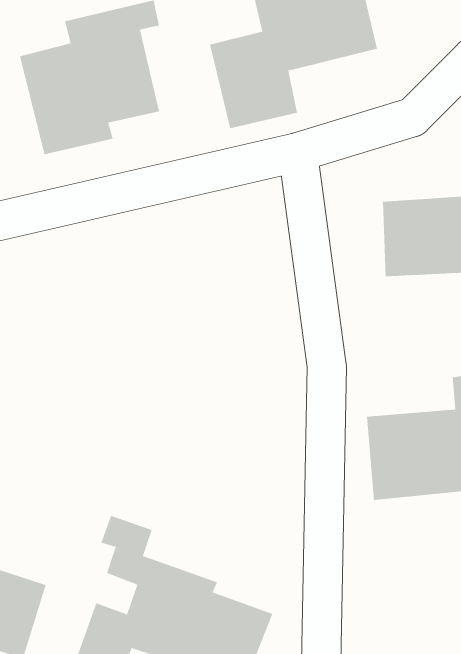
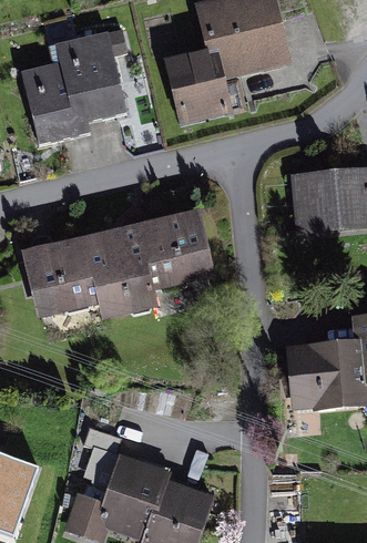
building: none -> [22,214,218,320]

